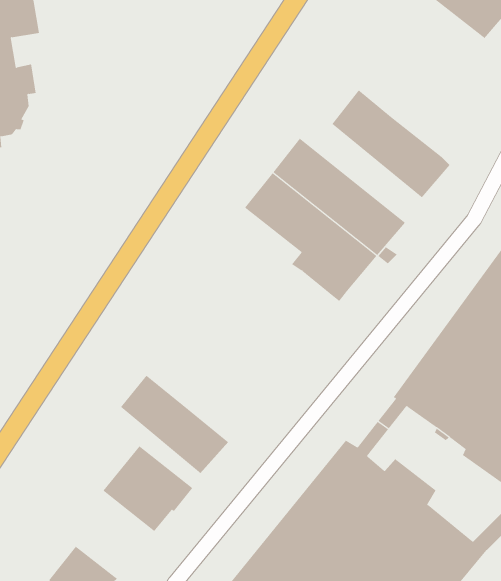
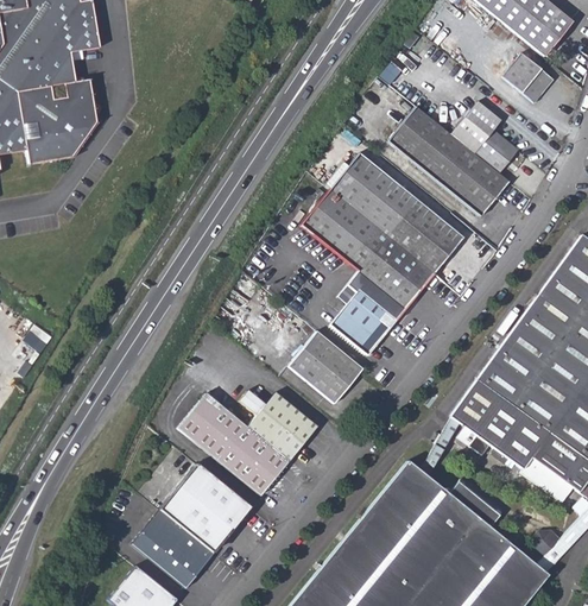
building: none -> [502,50,555,101]
building: none -> [451,97,521,173]
building: none -> [333,282,399,354]
building: none -> [278,321,366,403]
building: none -> [241,391,317,461]
building: none -> [132,510,215,588]

